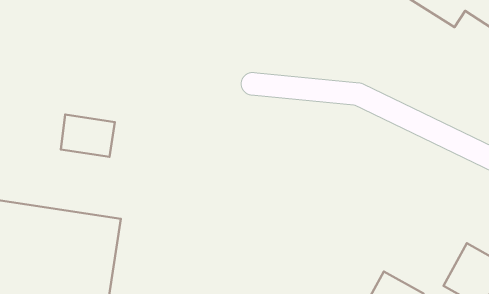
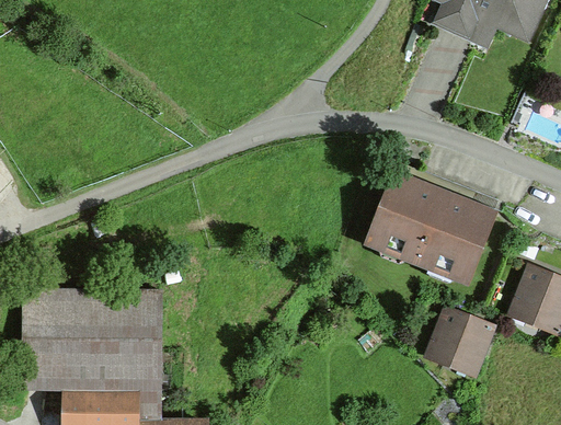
building: [61,114,115,157] -> none
building: none -> [369,177,490,280]

